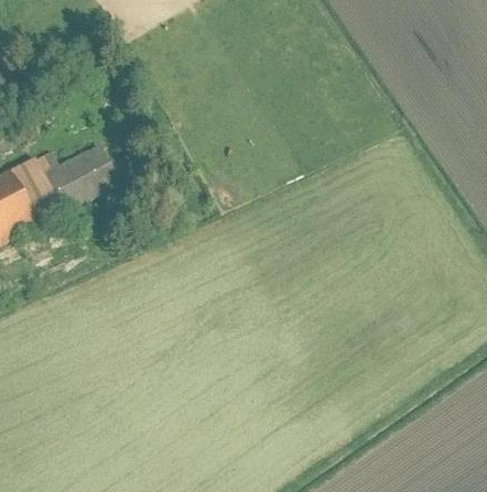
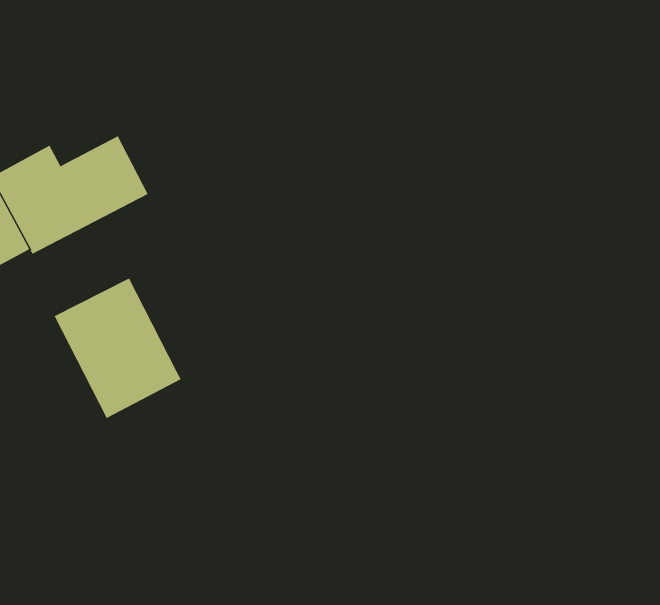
building: none -> [54,277,182,419]

